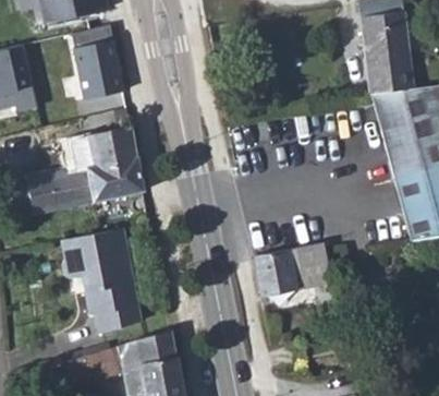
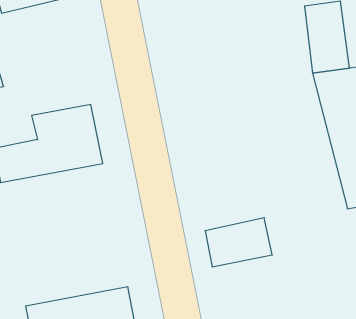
building: [73,38,119,99] -> none
building: [56,224,137,332] -> none

